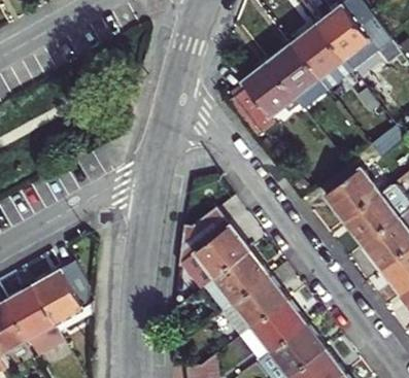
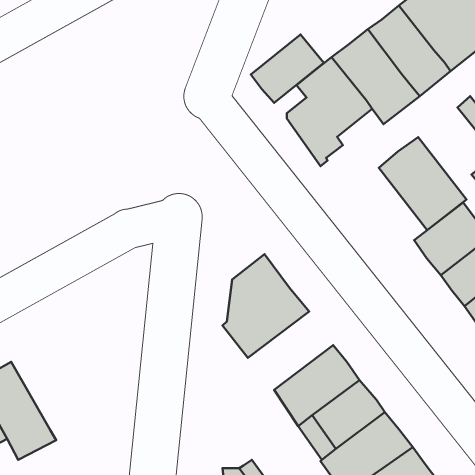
building: none -> [251,34,324,103]
building: none -> [379,137,466,230]
building: [199,244,264,304] -> none
building: [27,261,90,332] -> none

